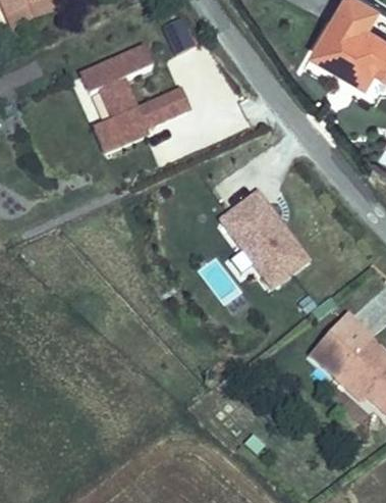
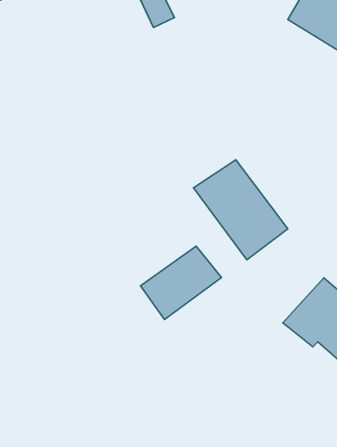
building: [78,46,191,155] -> none
building: none -> [141,246,222,320]

